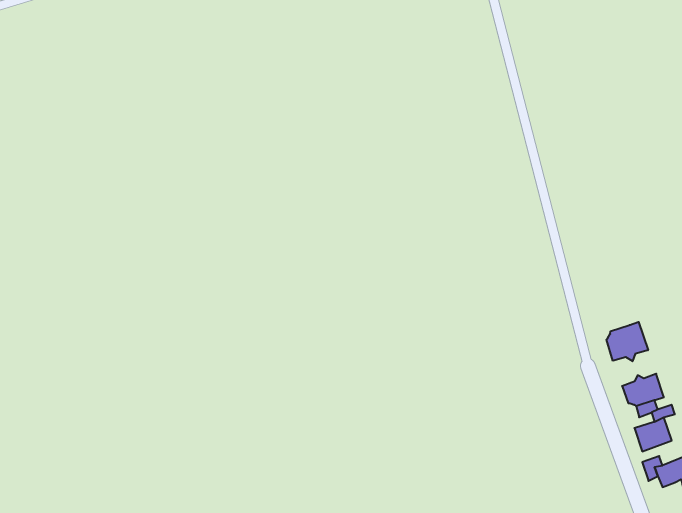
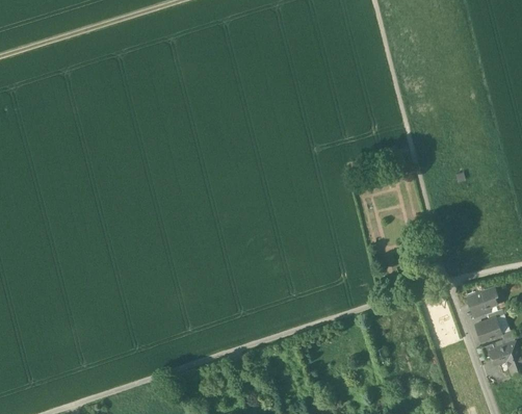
building: [606,322,648,361] -> none

